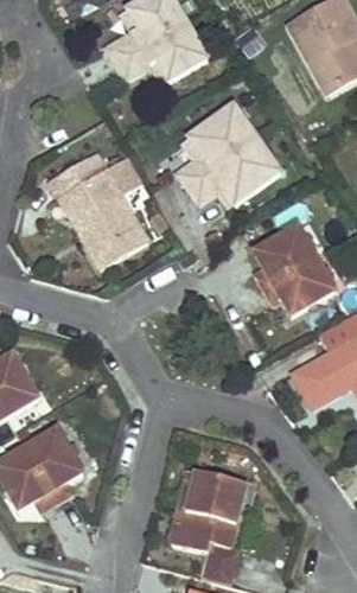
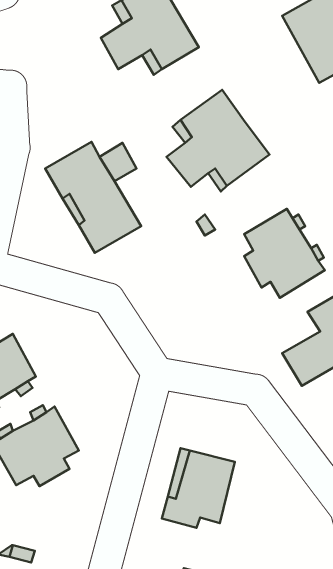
building: [196,540,236,584] -> none

